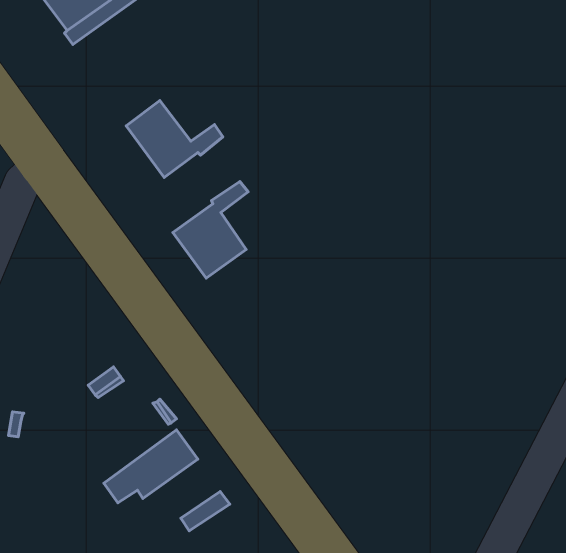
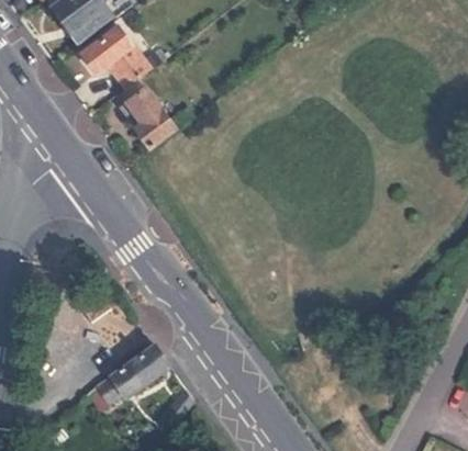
building: none -> [78,25,165,86]
building: [173,182,248,278] -> none

